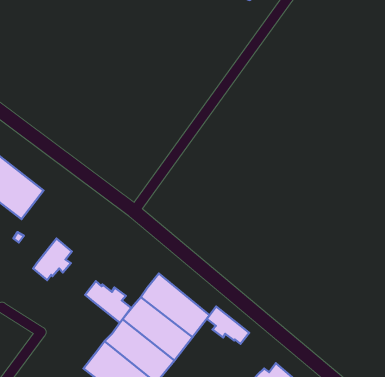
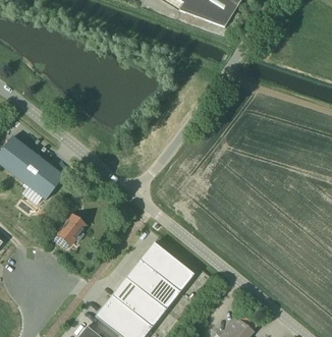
building: [85,281,131,323] -> none
building: [207,306,249,344] -> none

